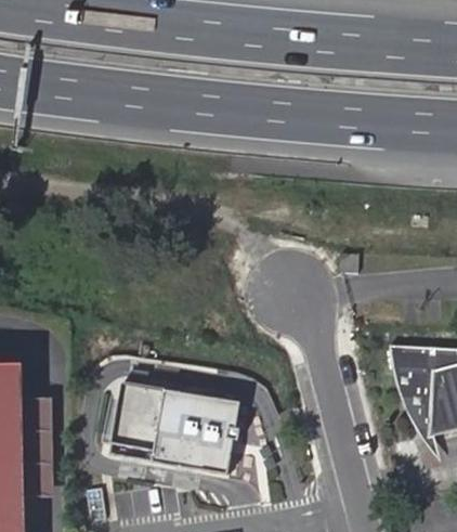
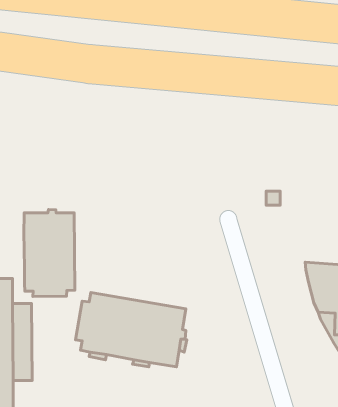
building: none -> [24,210,75,297]

